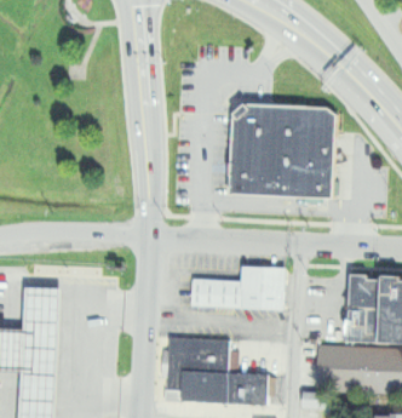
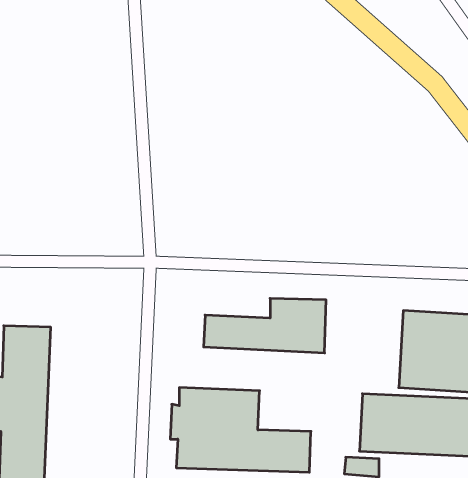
building: [230,102,340,197] -> none

